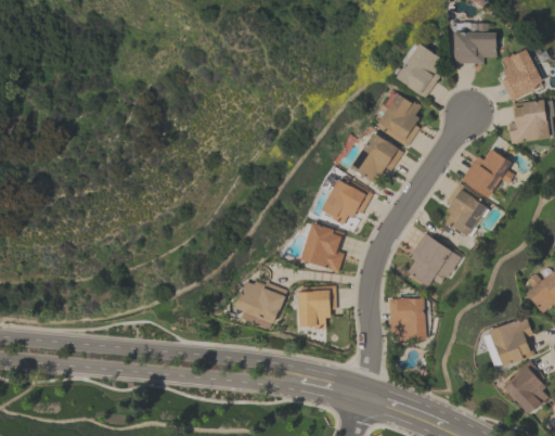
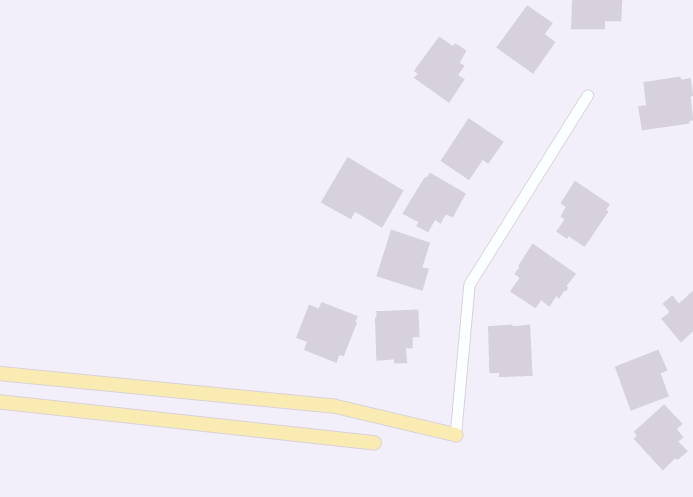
building: [501,49,542,101] -> none
building: [377,93,421,148] -> [413,36,467,104]
building: [460,149,513,198] -> none
building: none -> [320,156,404,229]

